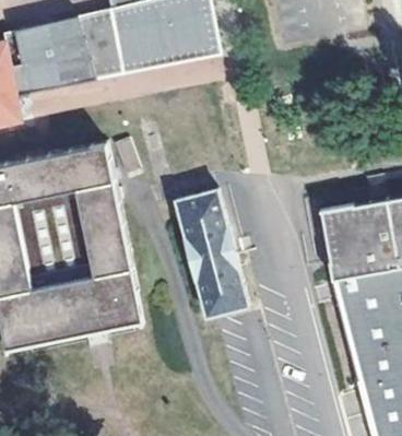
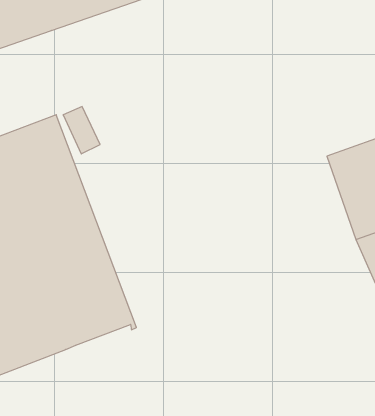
building: [176,190,249,318] -> none

